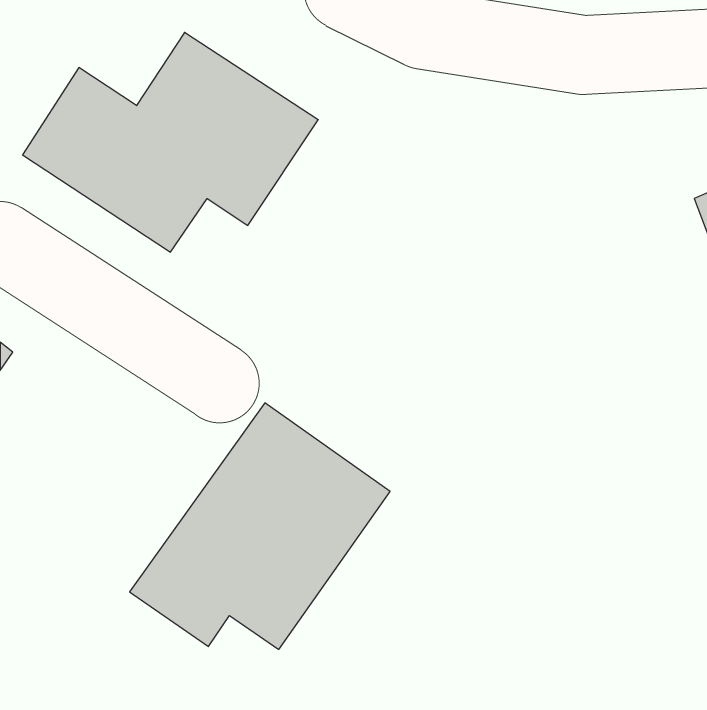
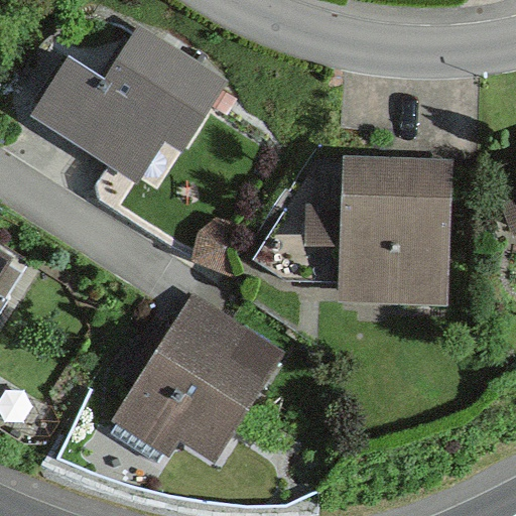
building: none -> [334,155,454,311]

